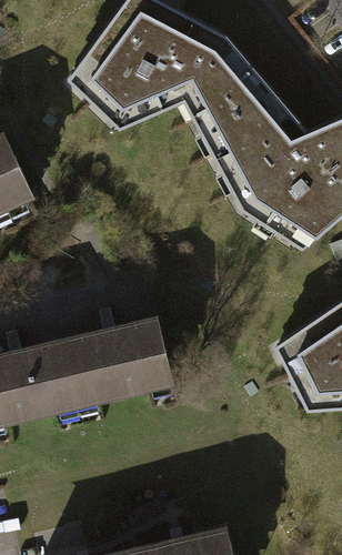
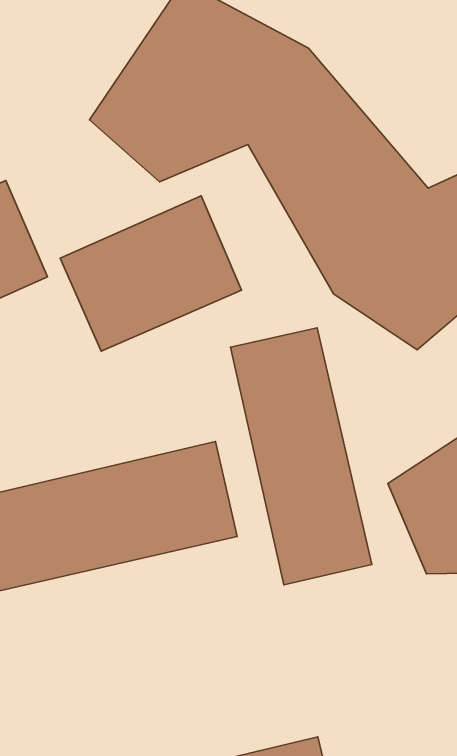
building: none -> [60,196,241,351]
building: none -> [230,328,372,585]

